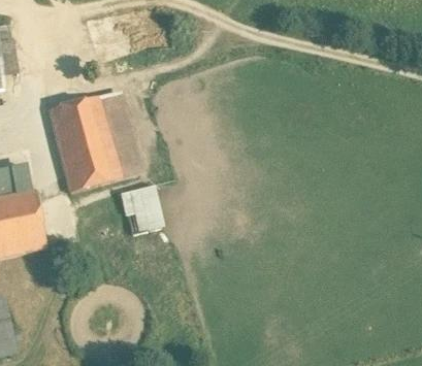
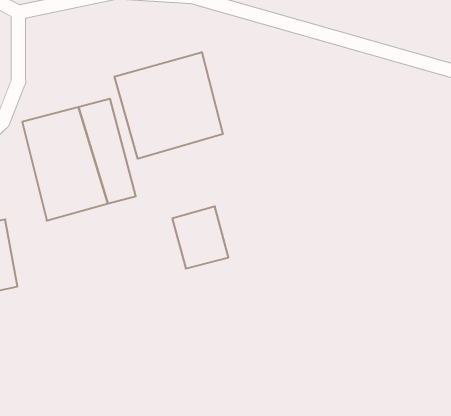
building: none -> [115,52,223,159]
building: [119,185,166,237] -> [172,206,228,269]

